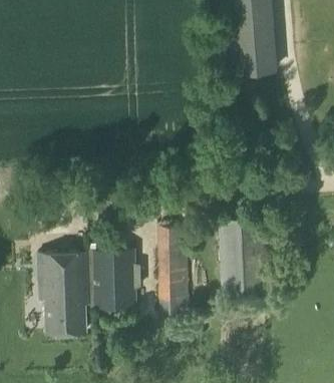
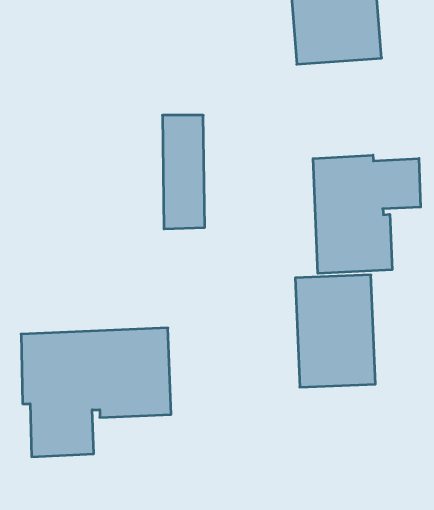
building: none -> [313,155,421,273]
building: [159,228,188,303] -> [162,115,205,229]

